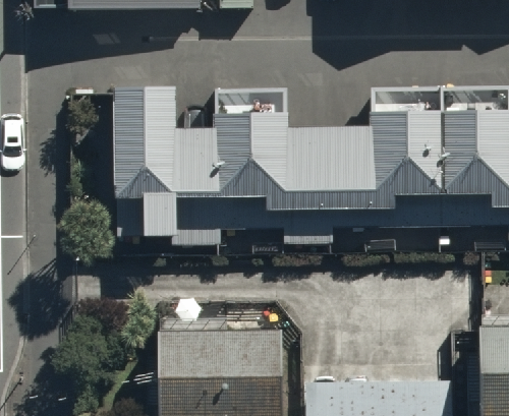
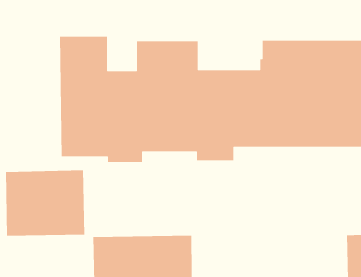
building: none -> [5,169,85,236]

